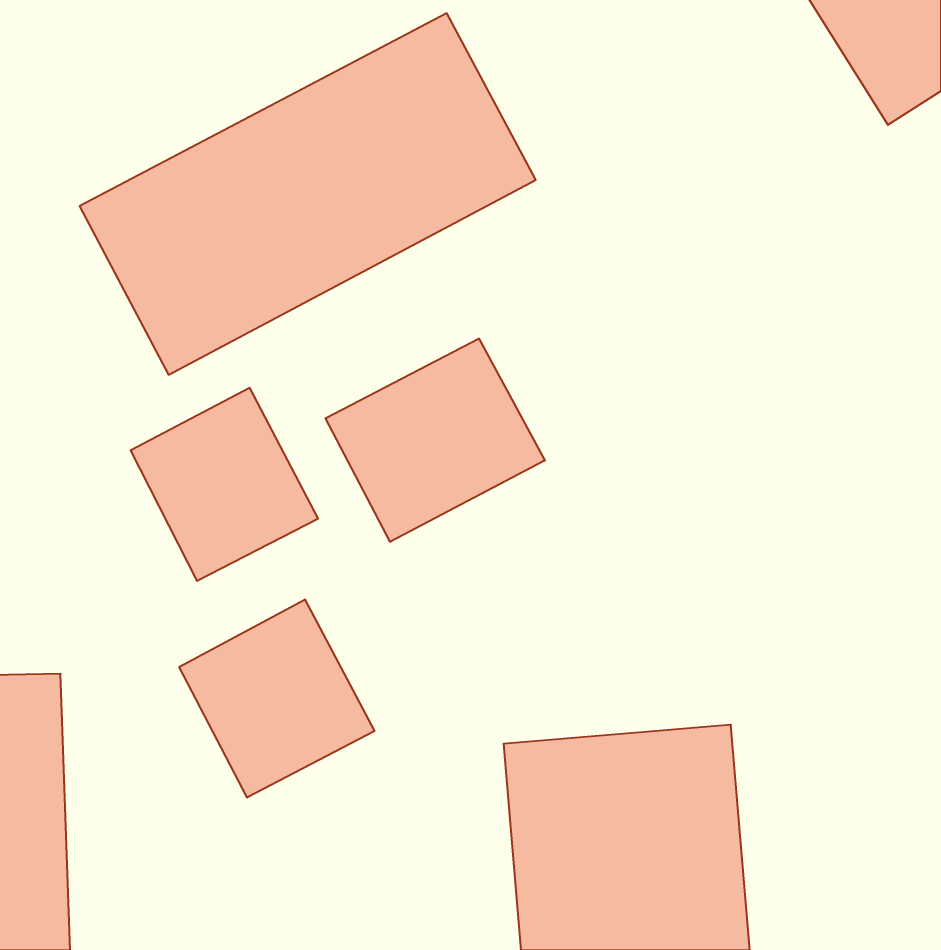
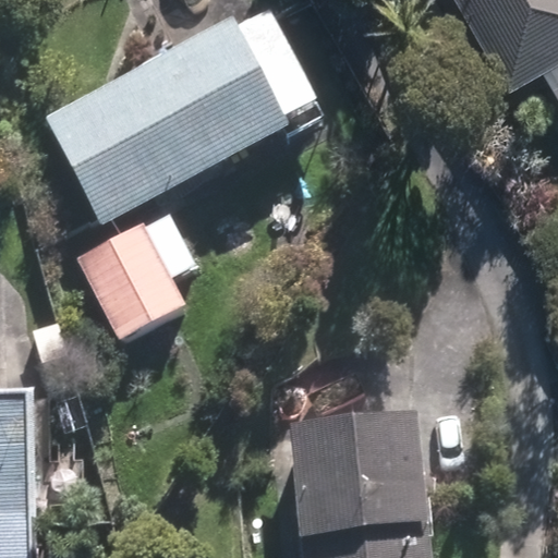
building: [326,338,545,542] -> none
building: [179,599,374,798] -> none

